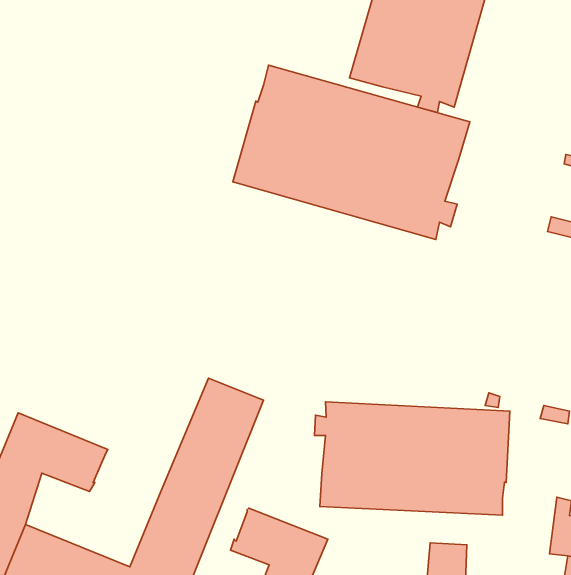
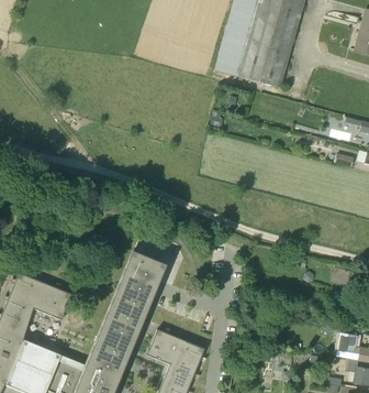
building: [233,65,470,240] -> none
building: [314,402,510,515] -> none

